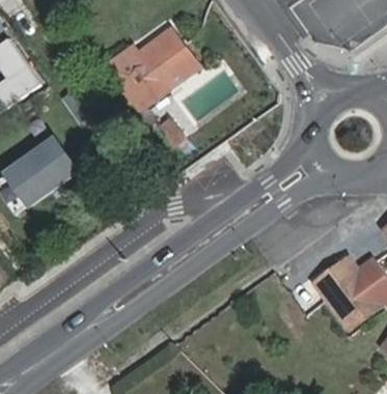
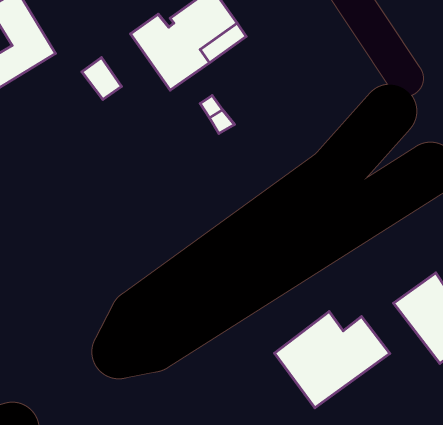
building: [6,135,80,203] -> none
building: none -> [274,312,390,408]

